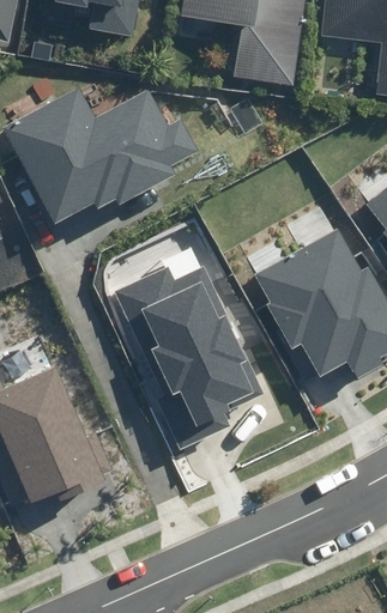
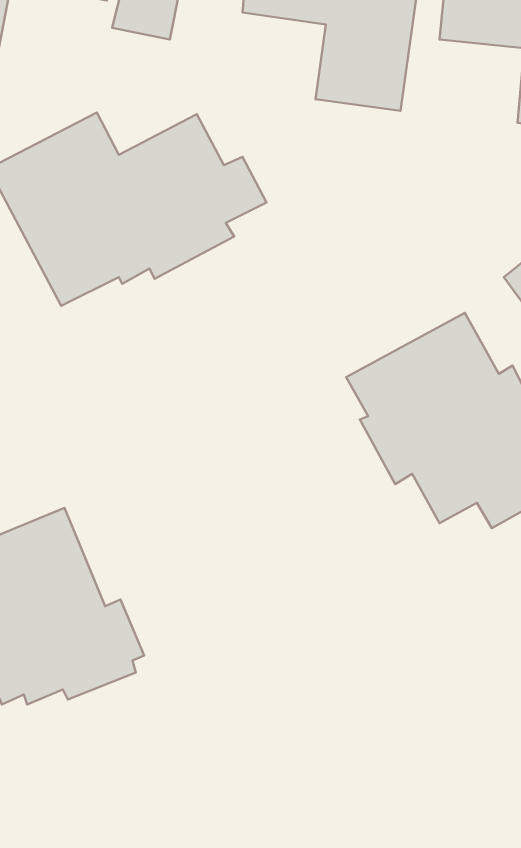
building: [113,265,264,449] -> none

